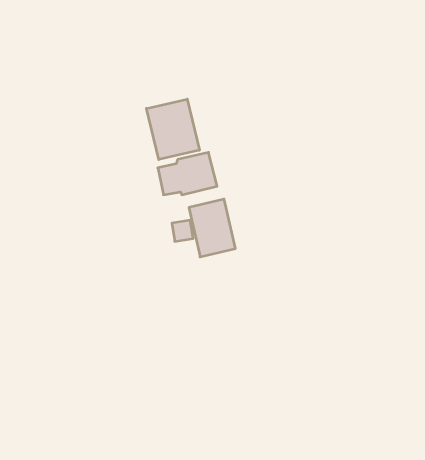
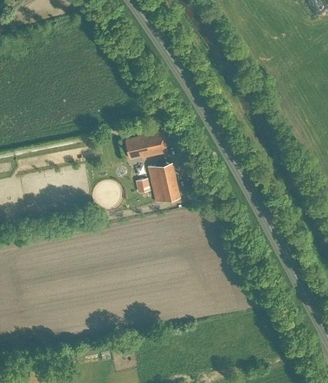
building: [146,99,199,160] -> none

